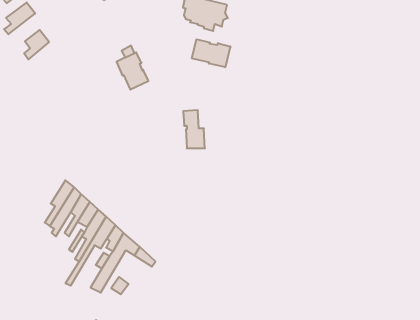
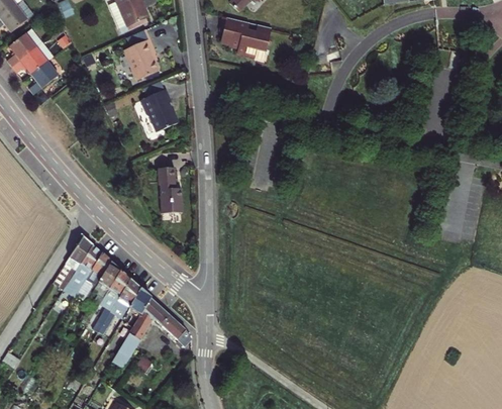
building: none -> [122,36,159,78]
building: none -> [15,41,58,74]
building: [192,39,230,67] -> none
building: [183,110,205,148] -> [158,165,183,209]

